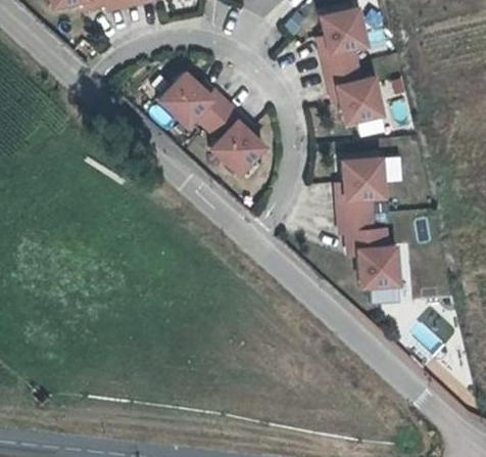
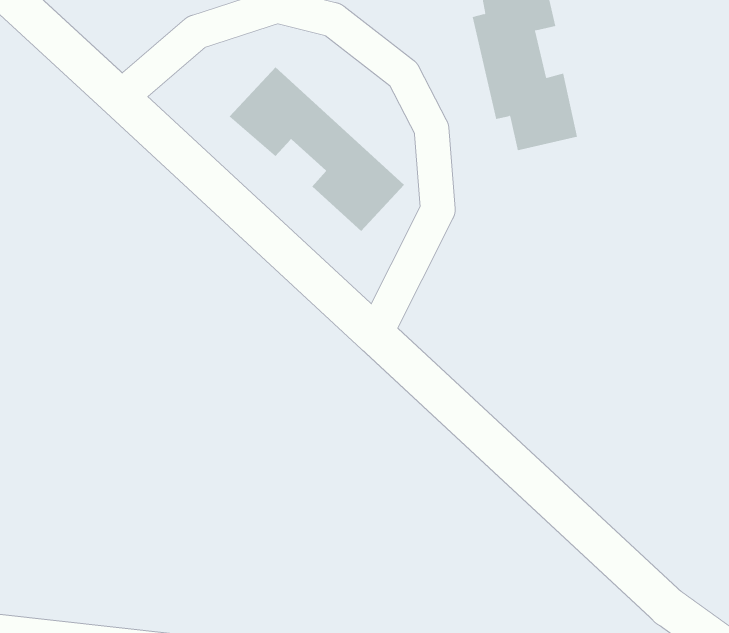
building: [335,154,402,288] -> none

